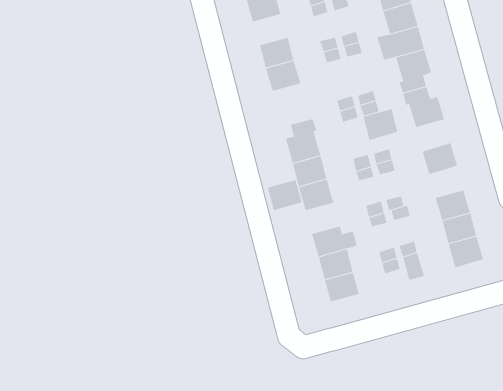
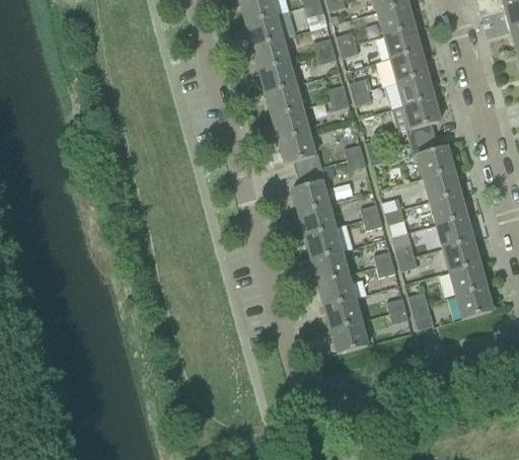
building: none -> [258,61,295,92]
building: none -> [279,131,320,172]
building: [363,109,398,141] -> [424,167,459,200]
building: none -> [437,214,472,246]
building: [267,180,302,211] -> [312,251,348,283]

